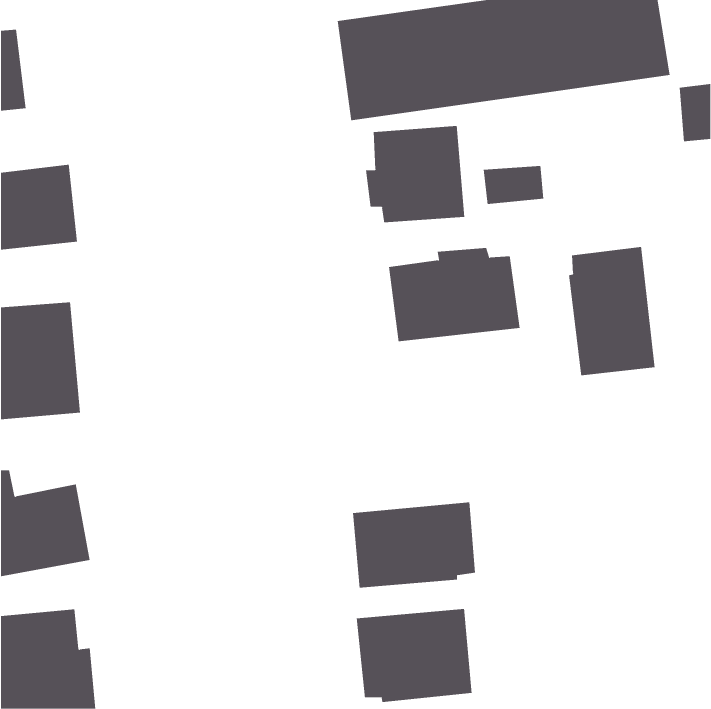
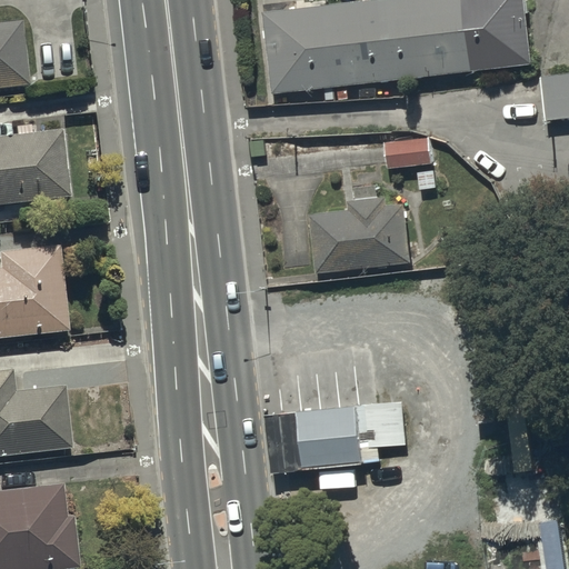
building: [366,125,465,223] -> none
building: [569,246,655,376] -> none
building: [356,608,472,703] -> none

